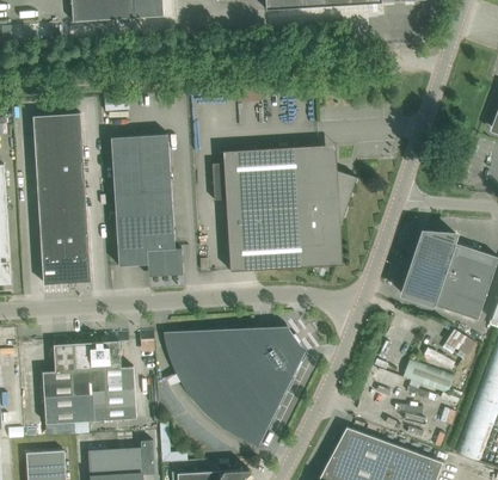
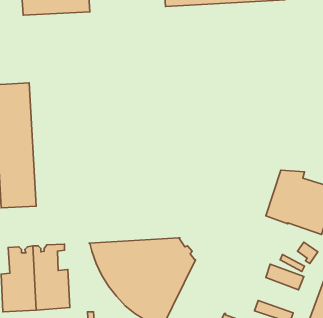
building: [111,134,182,273] -> none
building: [211,146,357,271] -> none

